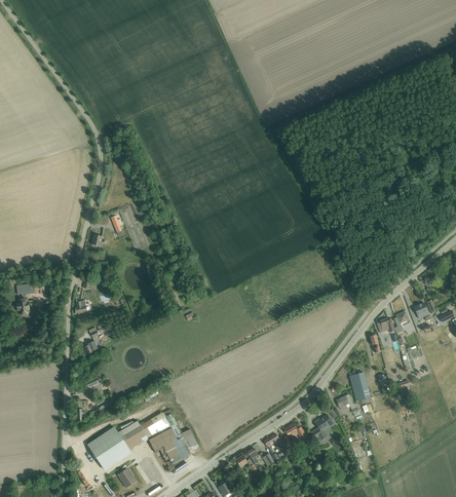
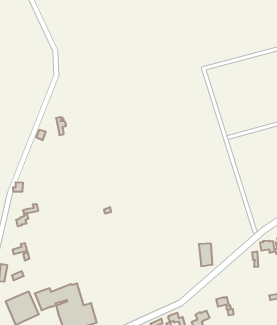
building: [349,373,370,402] -> [199,244,213,266]

